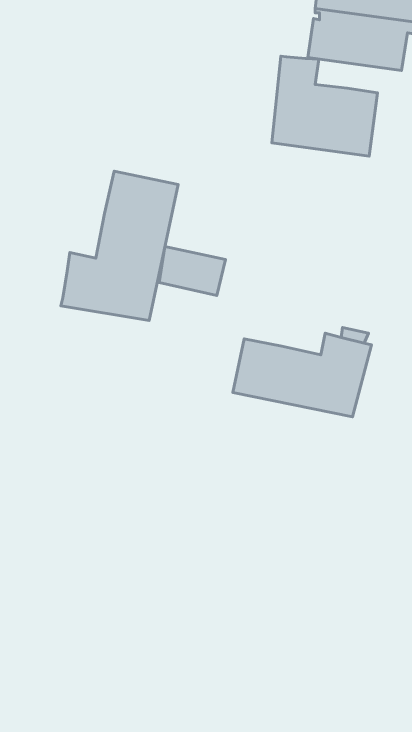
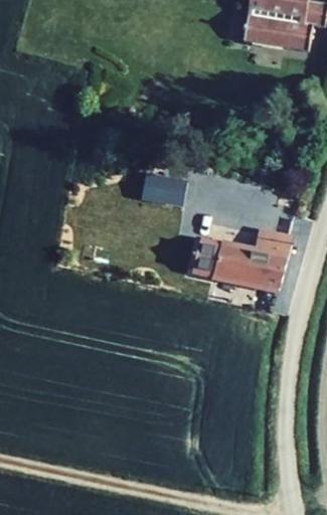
building: [272,56,377,156] -> none
building: [61,171,178,320] -> none

